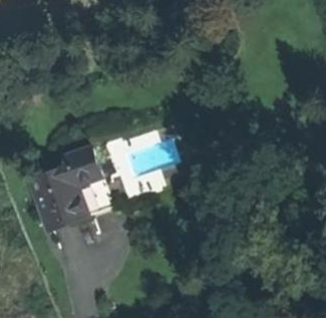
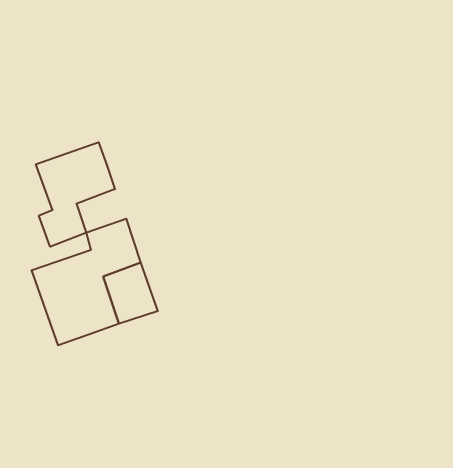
building: none -> [36,142,115,247]

